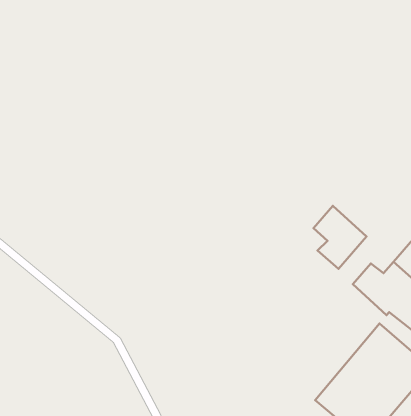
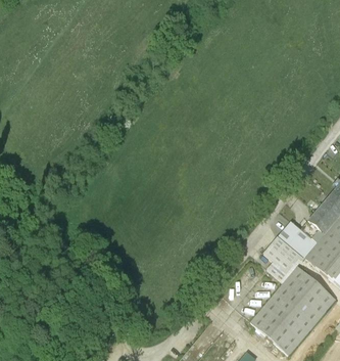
building: [313,206,366,269] -> [264,237,303,283]

